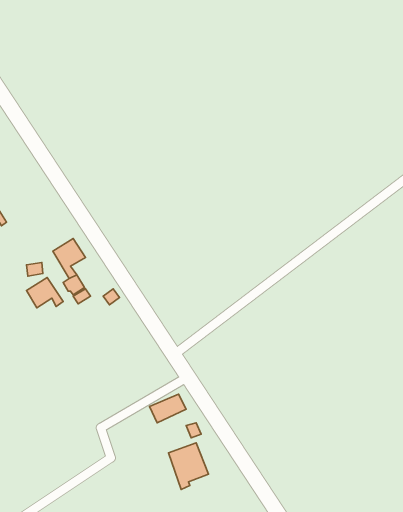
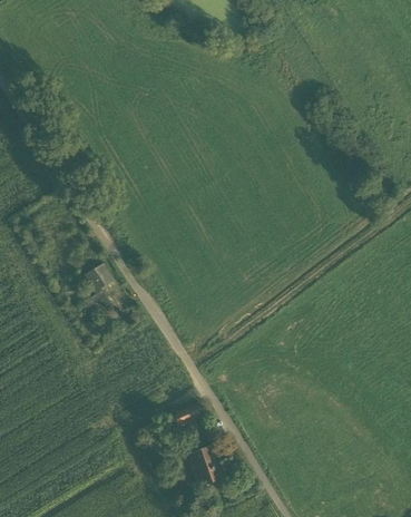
building: [27,278,63,308] -> none

